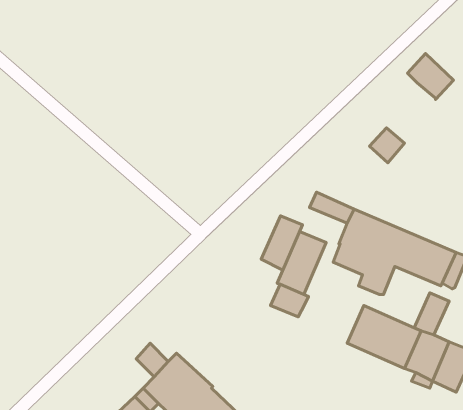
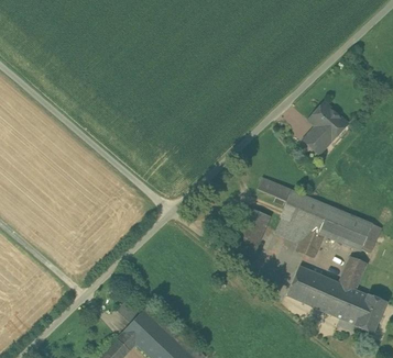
building: [407,53,454,100] -> [309,103,346,139]
building: [261,216,303,270] -> none
building: [271,284,308,317] -> none

